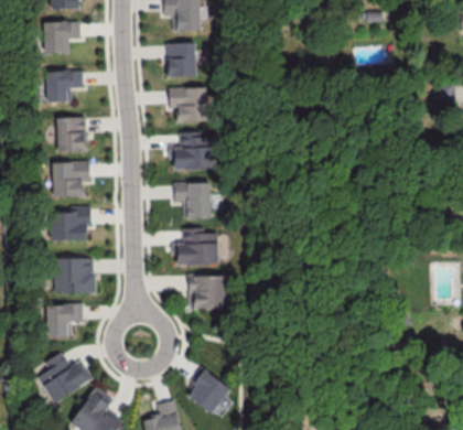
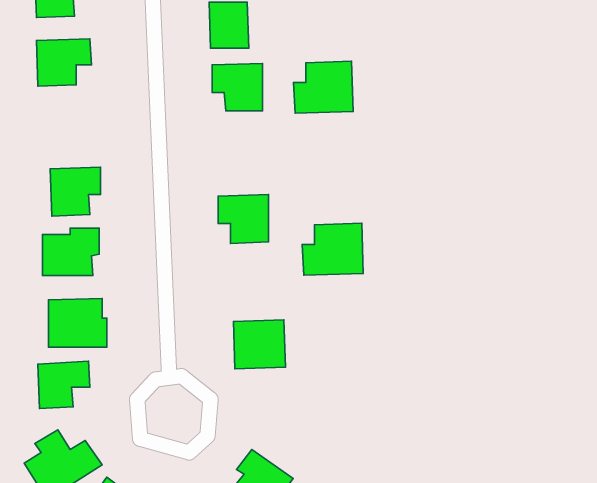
building: [58,118,88,152] -> none
building: [174,132,217,170] -> [294,61,353,113]
building: [176,228,220,266] -> [302,223,363,275]

